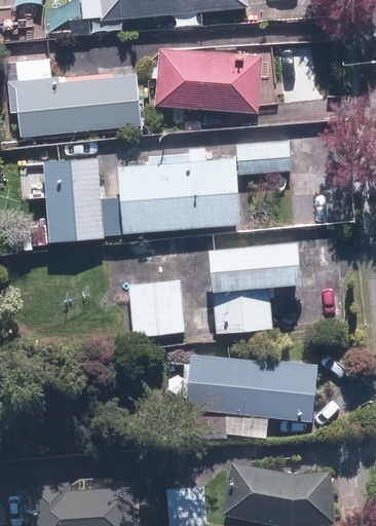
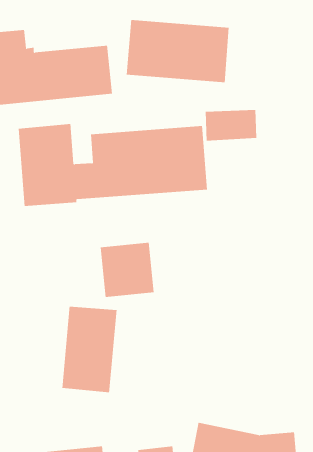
building: [208,242,300,333] -> none
building: none -> [62,306,117,393]
building: [166,352,316,436] -> none

